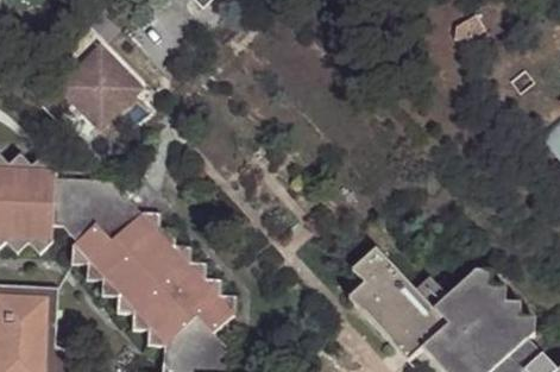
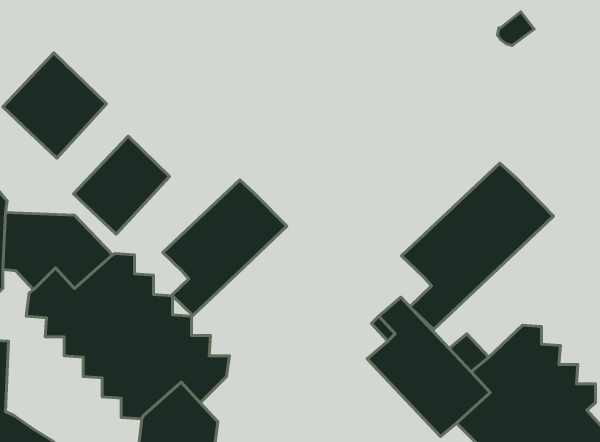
building: none -> [74,136,169,234]
building: none -> [401,163,553,330]
building: none -> [163,180,287,315]

